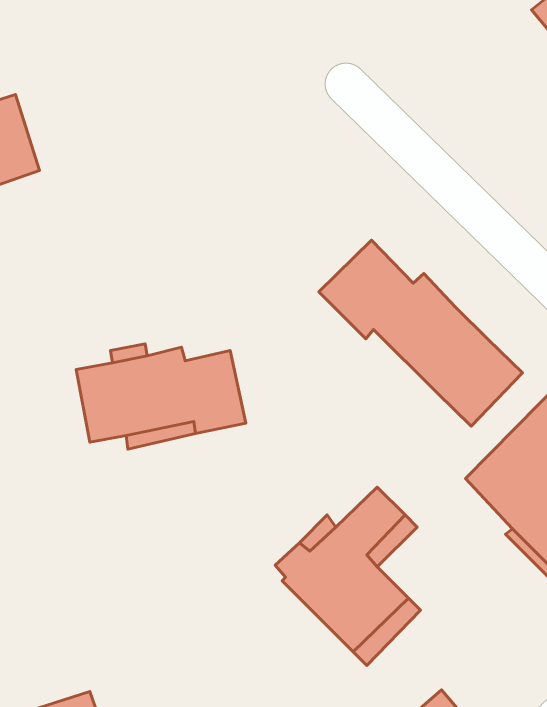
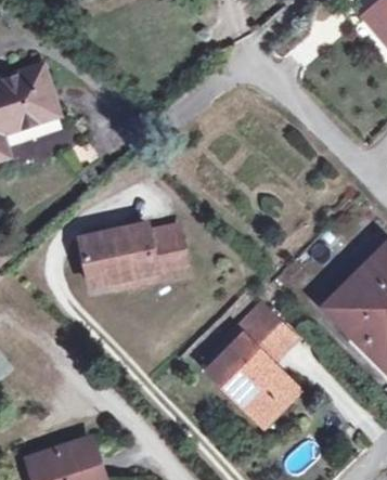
building: [319,240,522,426] -> none

